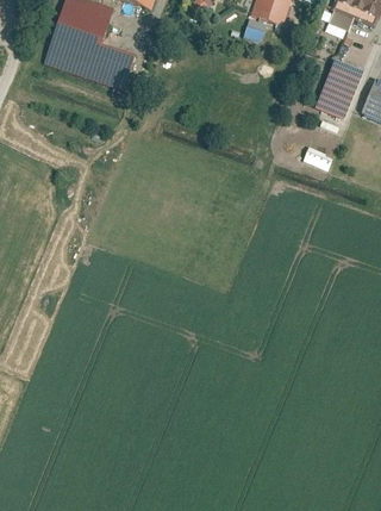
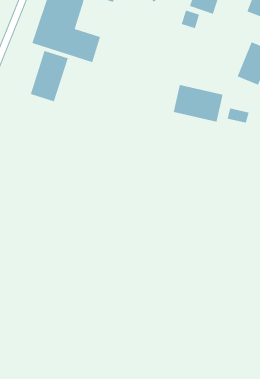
building: none -> [30,50,69,102]
building: none -> [173,84,223,122]

